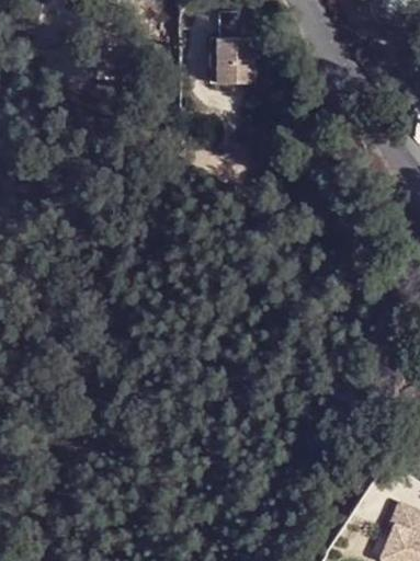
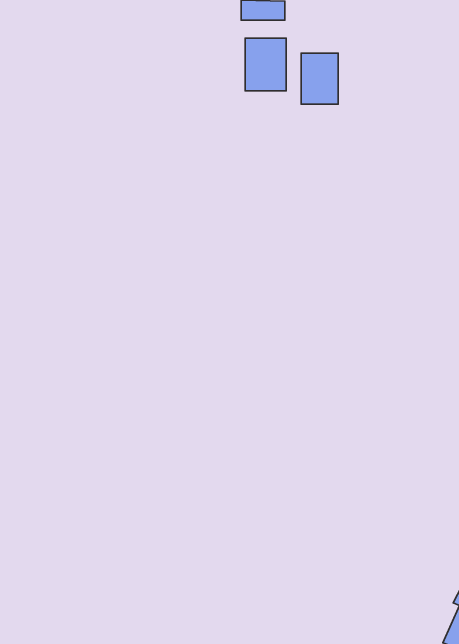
building: none -> [301,53,338,104]

